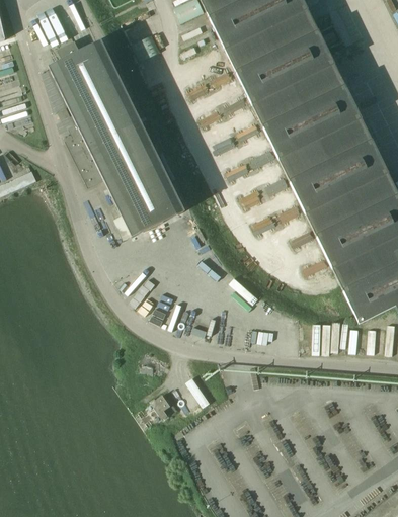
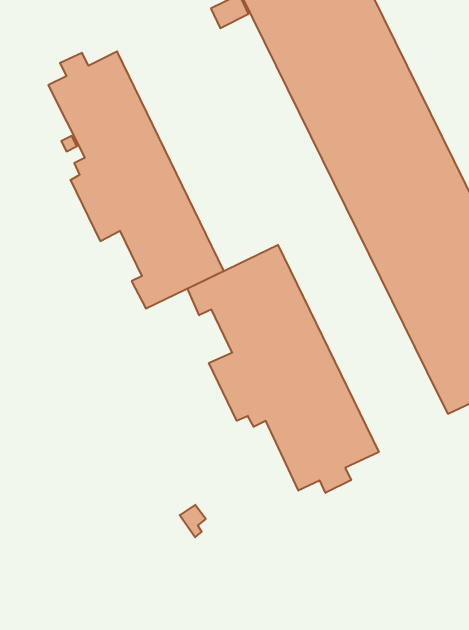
building: none -> [188,245,379,493]

